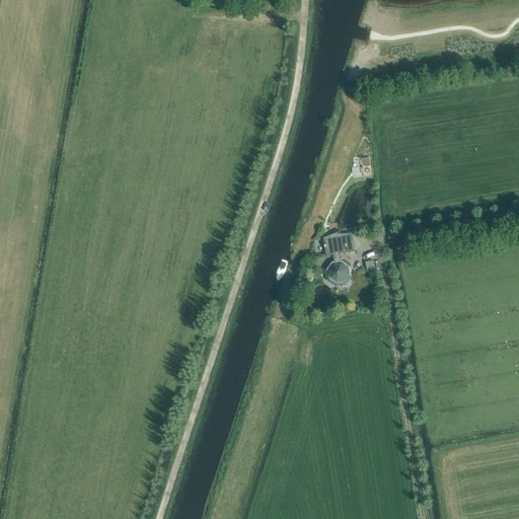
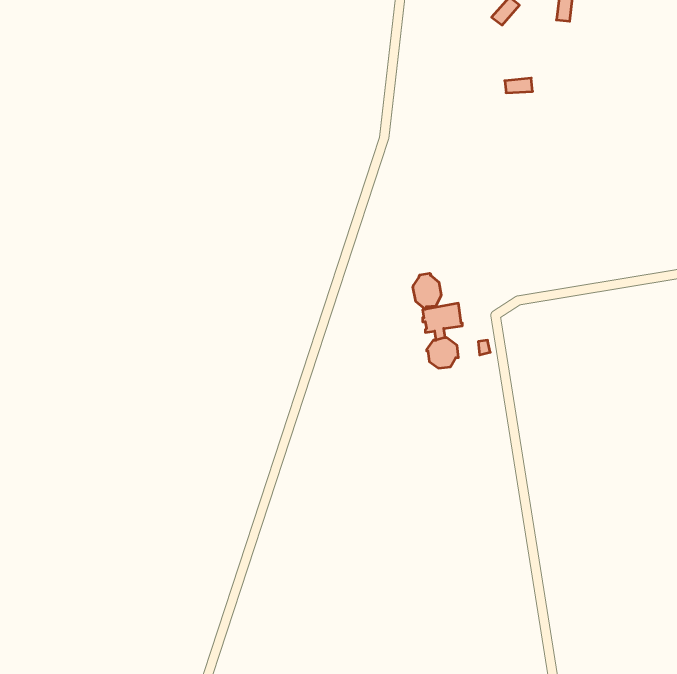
building: none -> [413,273,441,309]

